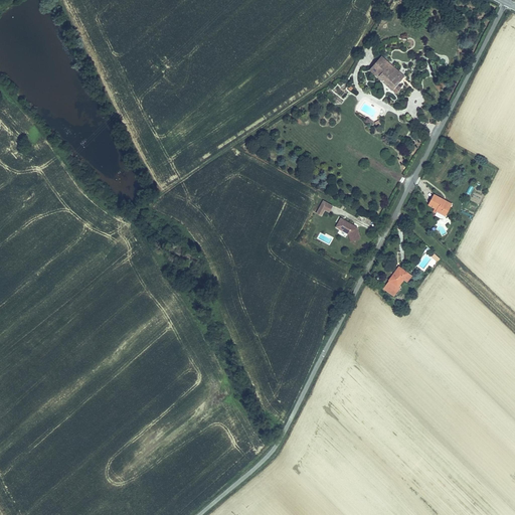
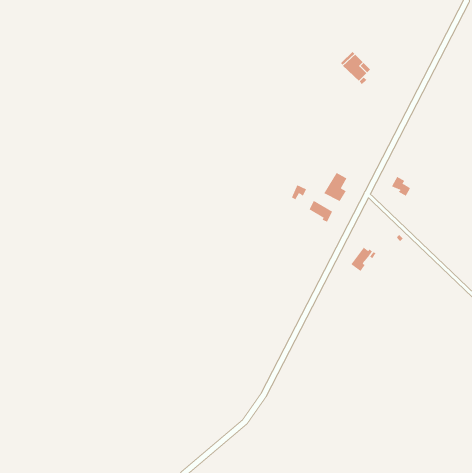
building: none -> [324,172,347,202]

